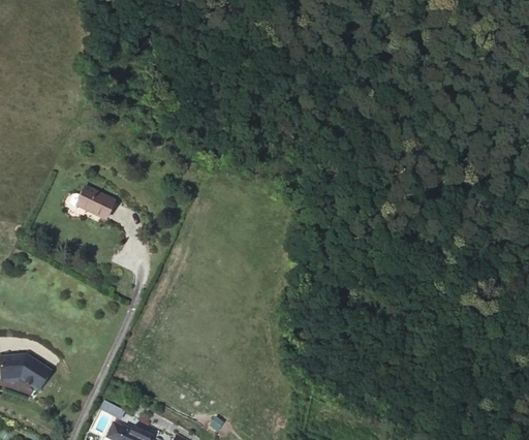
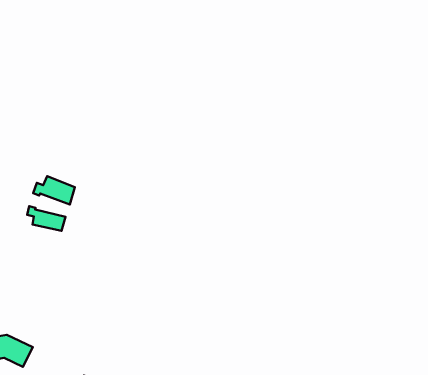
building: none -> [27,206,66,231]

